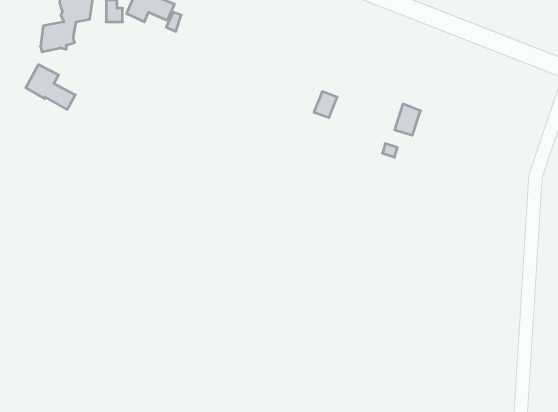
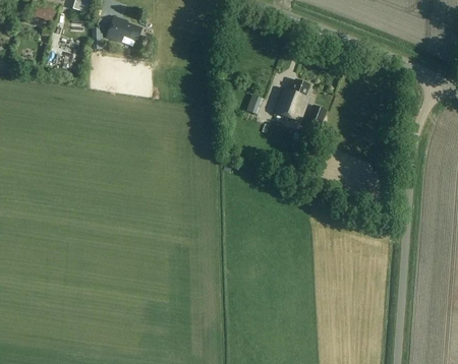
building: [26,65,75,109] -> none
building: none -> [273,79,309,122]

